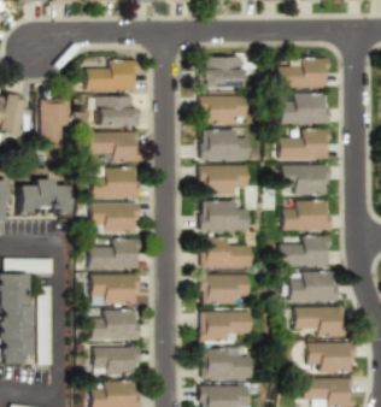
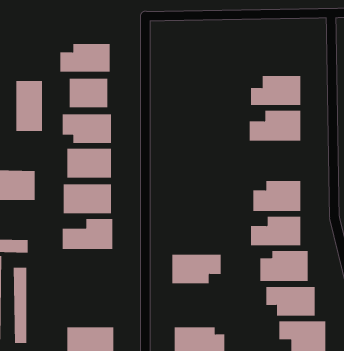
building: [201,57,241,87] -> none
building: [277,58,329,87] -> none
building: [199,94,247,122] -> none
building: [200,128,248,159] -> none
building: [199,164,247,195] -> none
building: [281,164,330,193] -> none
building: [201,200,248,230] -> none
building: [200,236,251,266] -> none
building: [92,273,139,303] -> none
building: [90,309,140,340] -> none
building: [200,309,251,341] -> none

